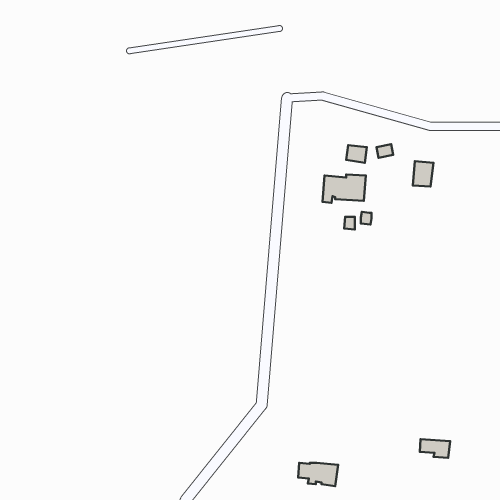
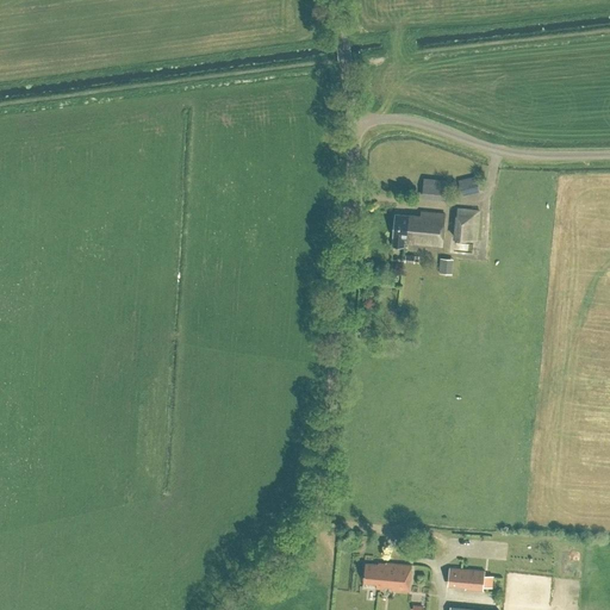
building: [413,161,434,186] -> [454,210,479,241]
building: [420,439,450,458] -> [447,568,484,591]

